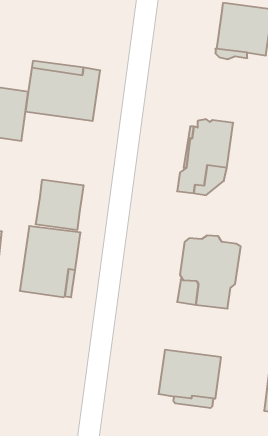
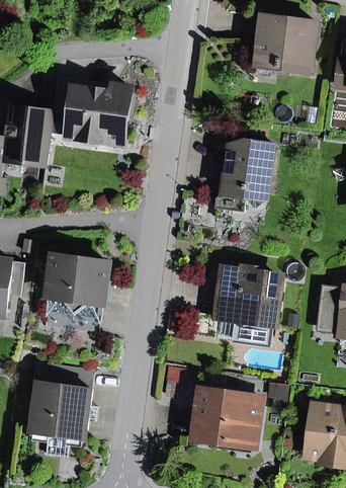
building: [36,180,84,230] -> none
building: none -> [29,361,97,455]

